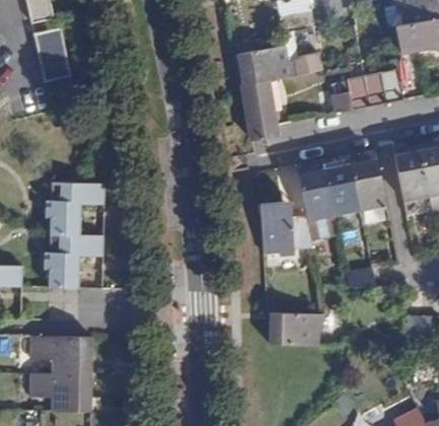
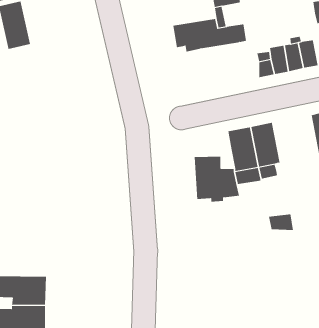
building: [241,78,277,139] -> none
building: [350,157,385,209] -> none
building: [48,185,103,289] -> none
building: [269,311,322,344] -> none

